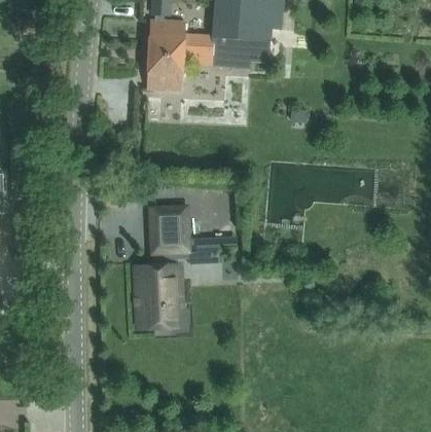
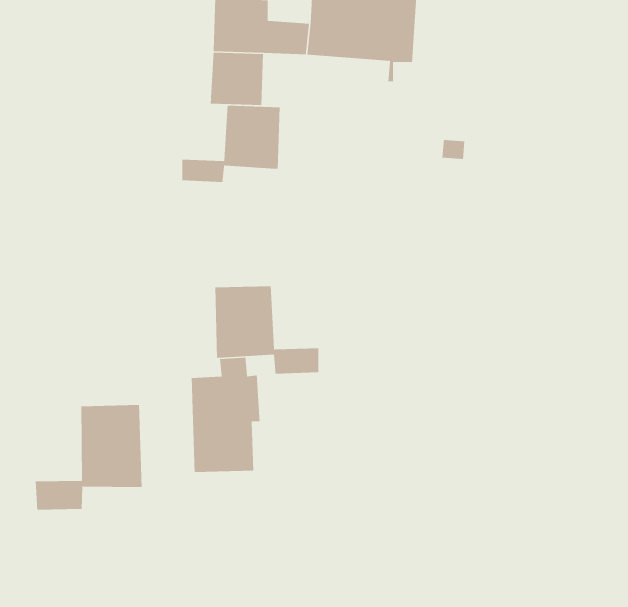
building: none -> [182,105,280,183]
building: none -> [35,404,143,510]

